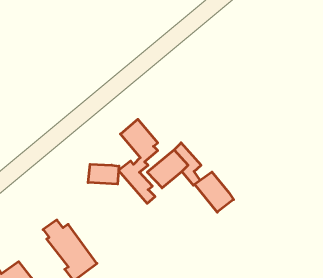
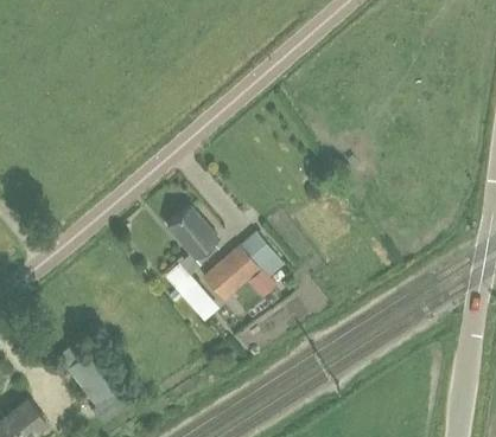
building: [88,164,119,184] -> none
building: [195,172,234,212] -> none

